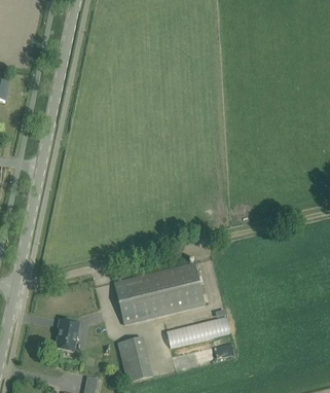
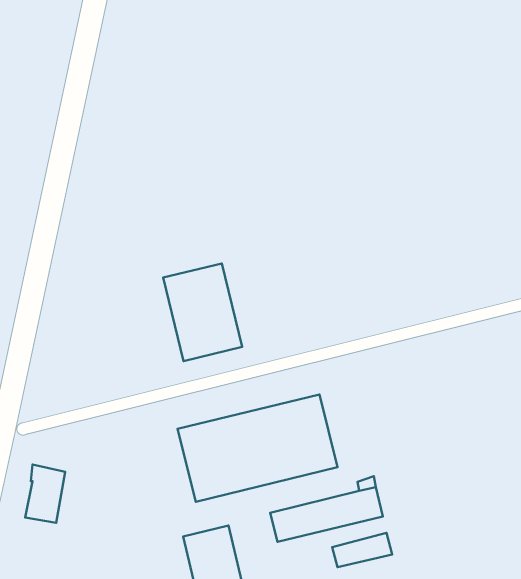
building: none -> [163,263,242,361]
building: [56,318,78,351] -> [25,465,65,523]

